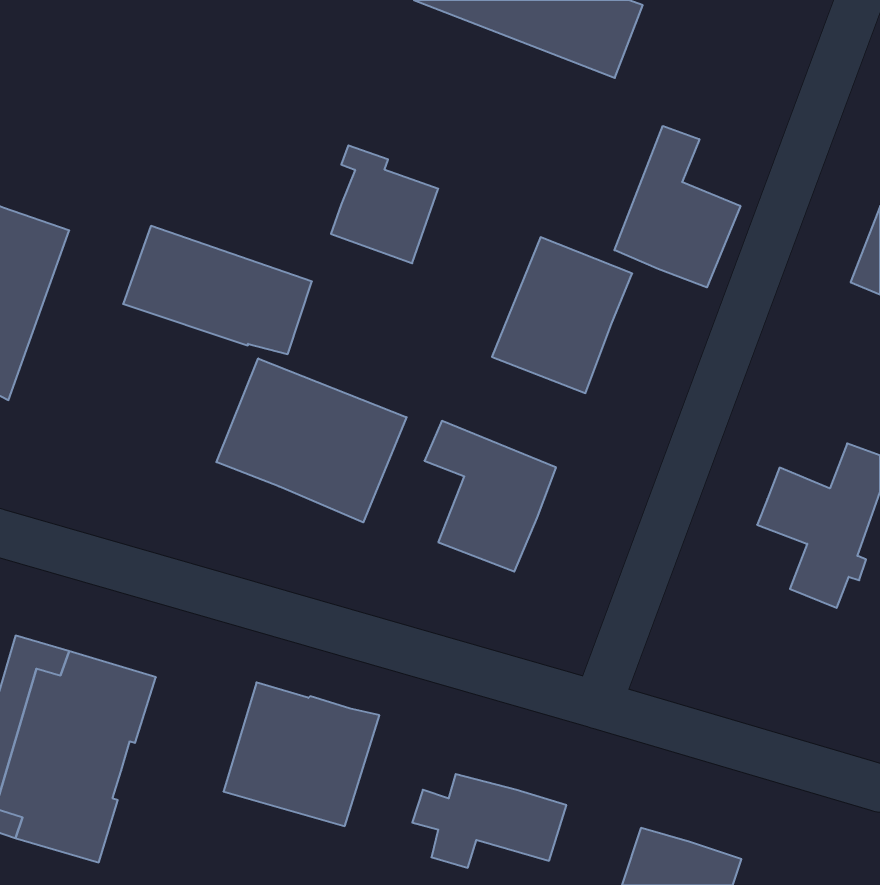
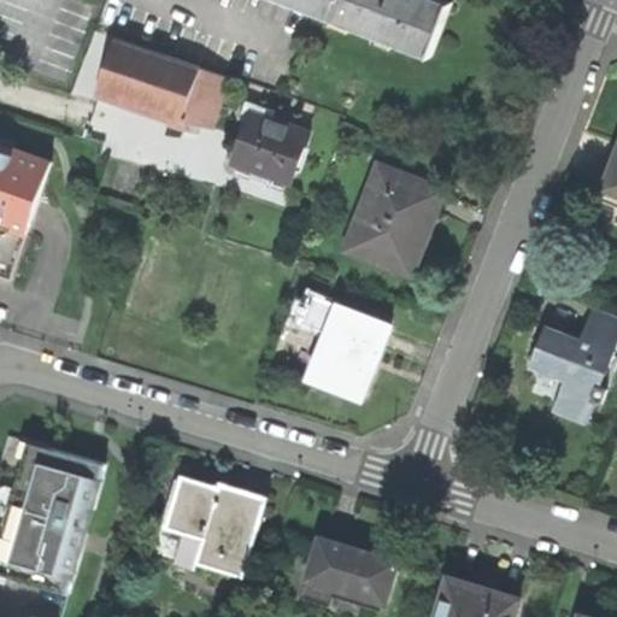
building: [614,126,740,287] -> none
building: [123,226,312,354] -> [93,37,224,127]
building: [216,358,407,522] -> none

